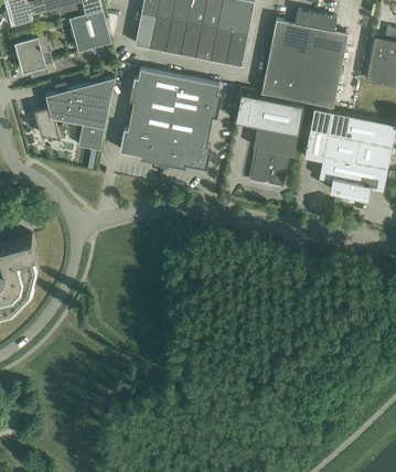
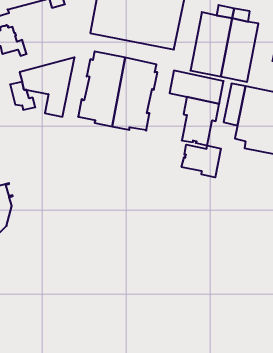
building: [68,9,111,51] -> none
building: none -> [182,145,221,177]

